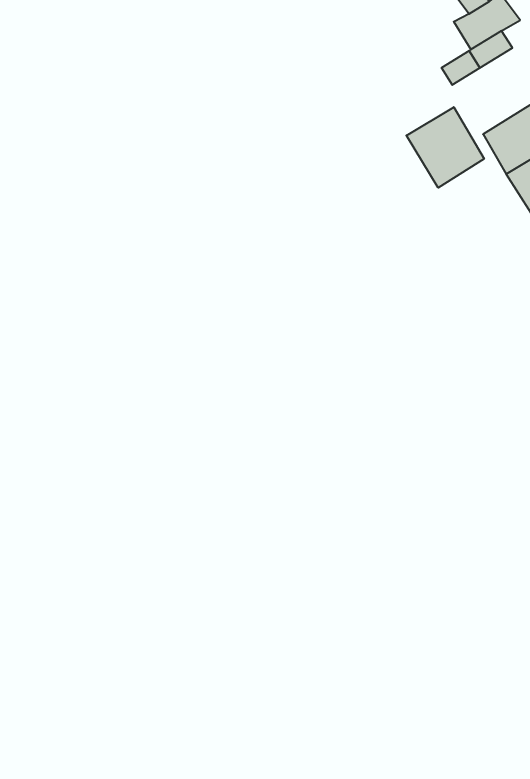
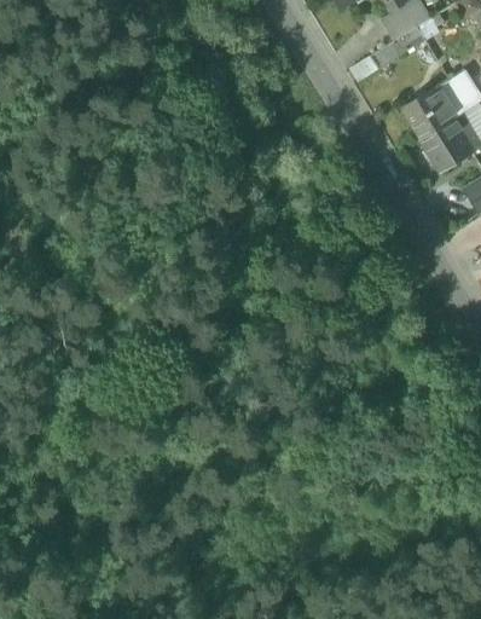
building: [406,107,484,188] -> none

